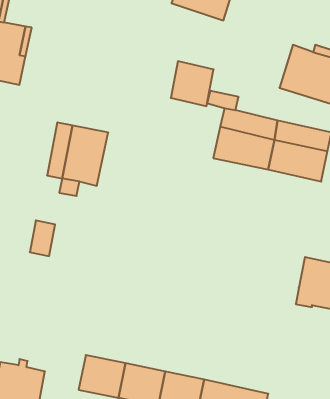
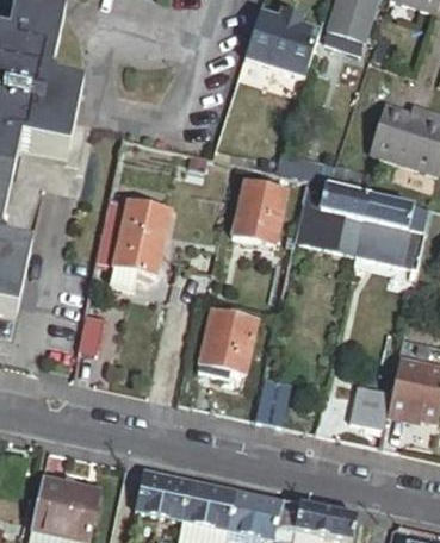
building: [171,61,214,106] -> [234,189,284,242]
building: none -> [196,310,255,376]
building: none -> [254,377,291,423]
building: none -> [353,385,392,426]

